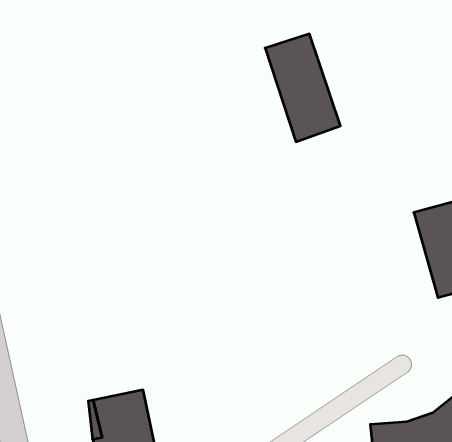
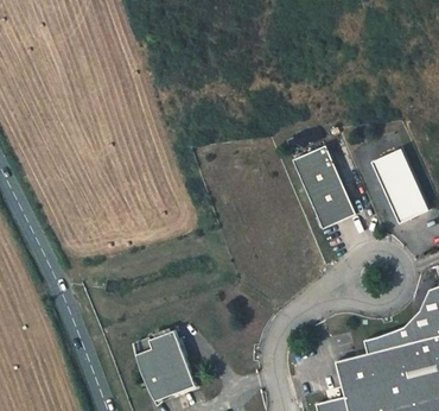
building: [265,34,340,142] -> [292,151,357,234]

